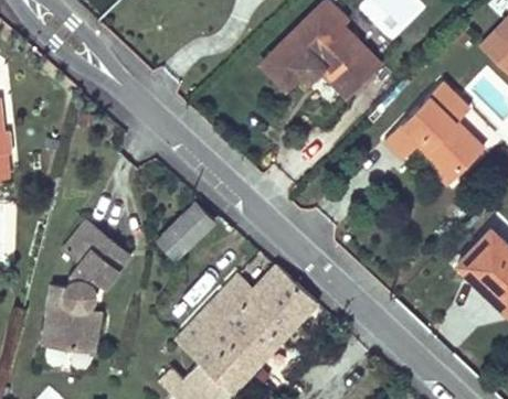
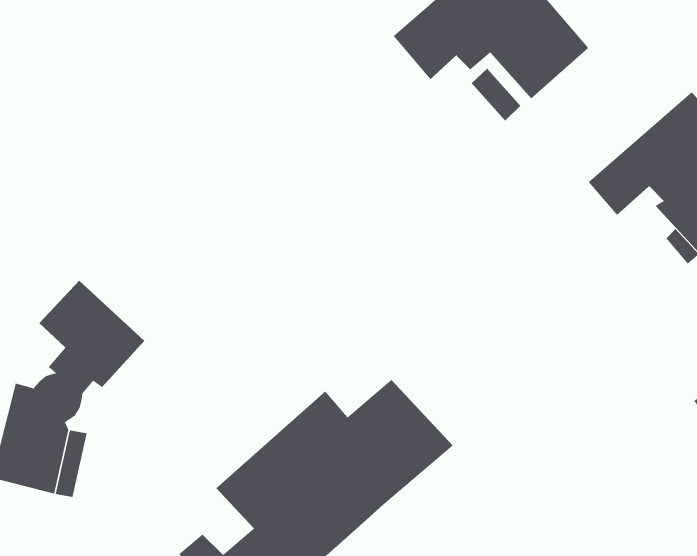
building: [157,202,214,260] -> none

